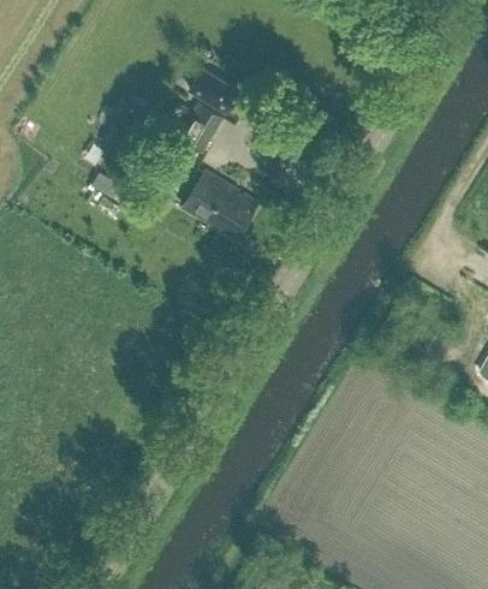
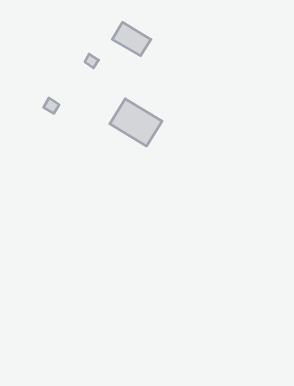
building: [177,103,225,155] -> none

